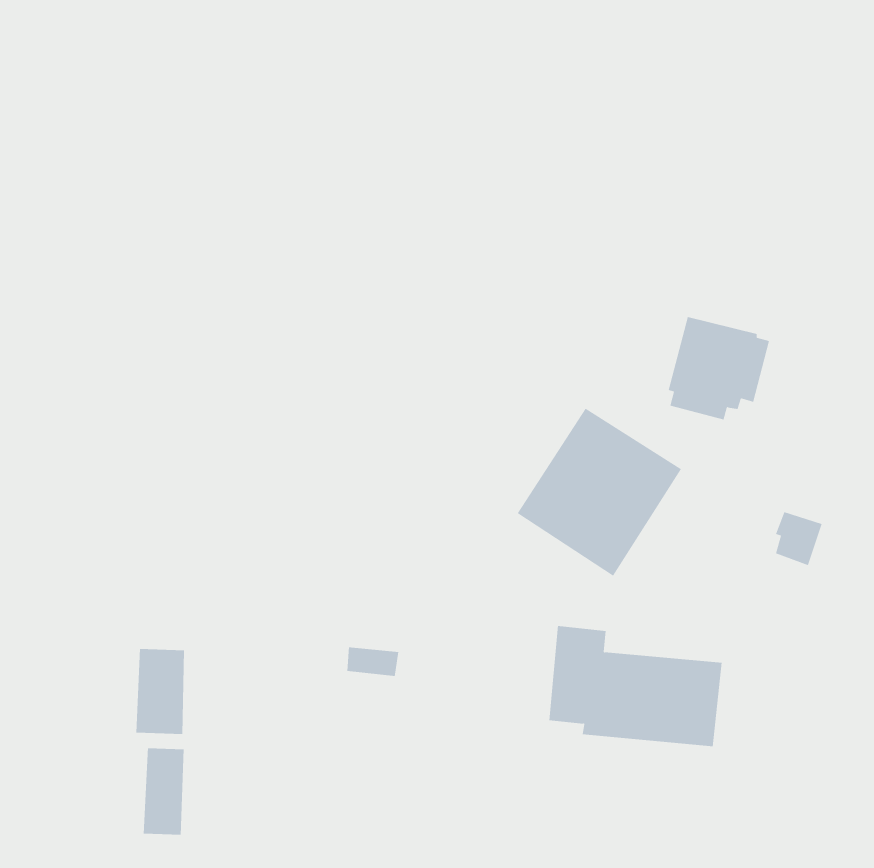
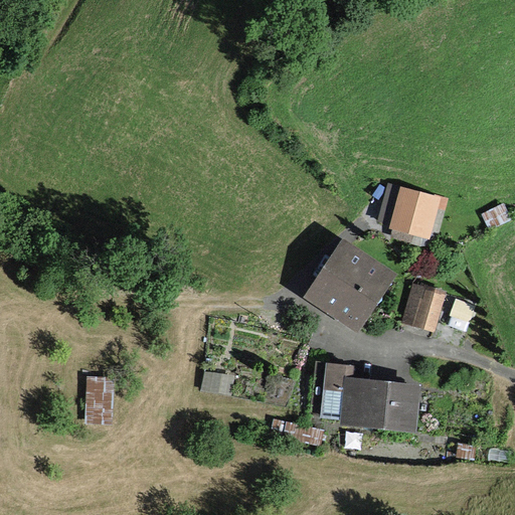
building: none -> [401,281,447,332]
building: [143,748,184,836] -> none

